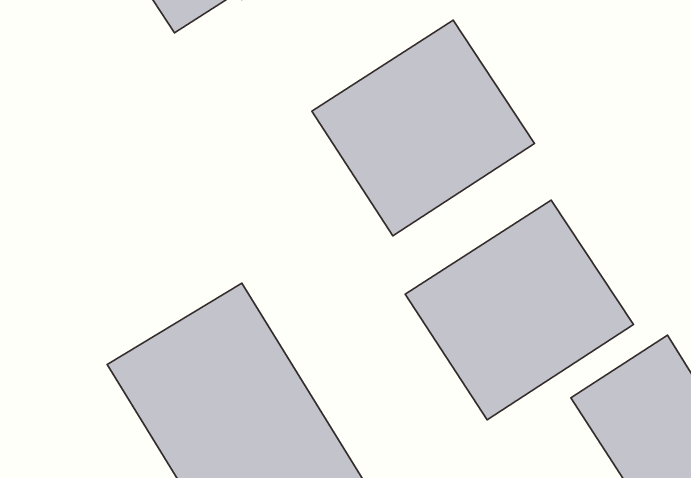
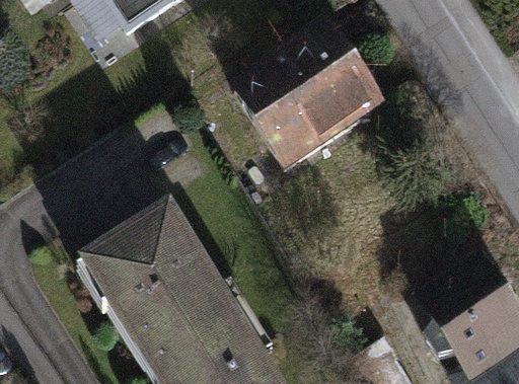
building: [405,200,634,420] -> none

